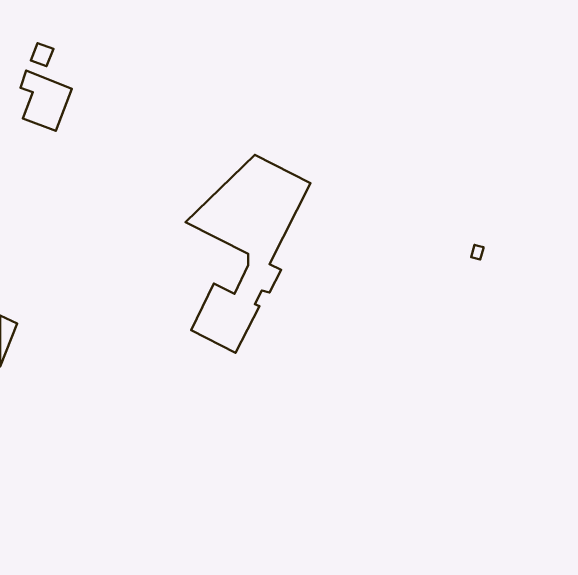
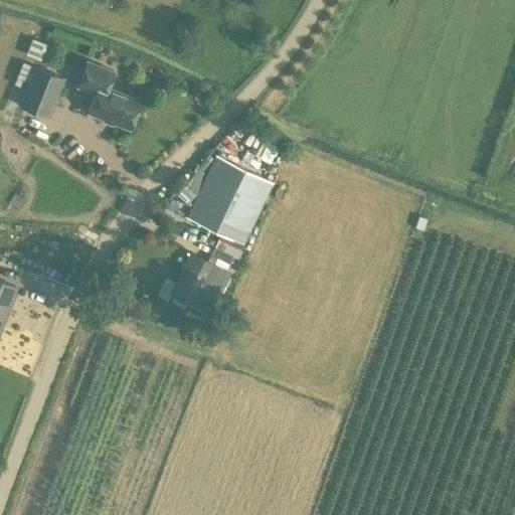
building: none -> [79,65,144,134]

